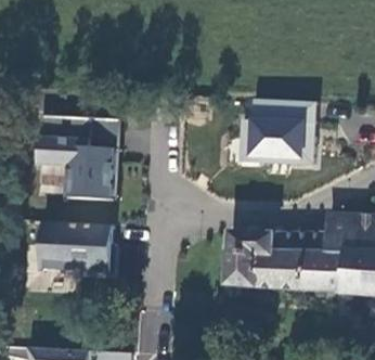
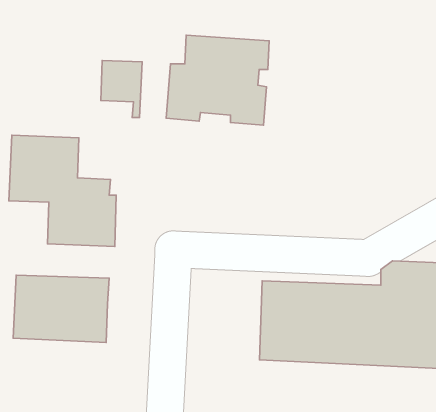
building: [237,101,315,169] -> [166,35,269,125]
building: [88,118,119,162] -> [101,60,142,118]

